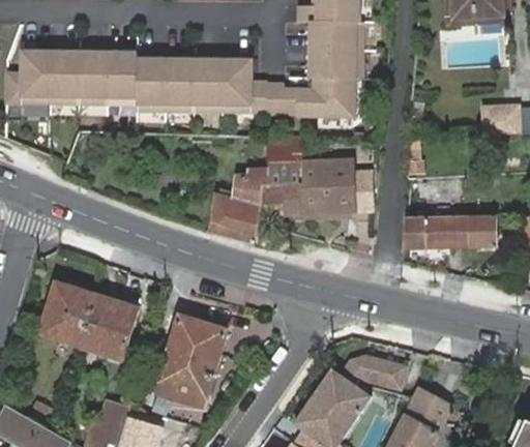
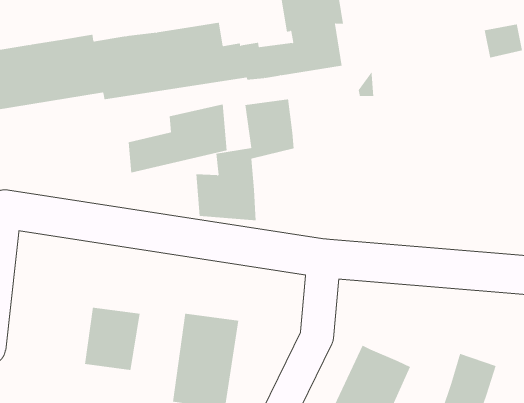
building: [259,165,352,213] -> [128,104,228,173]
building: [403,215,494,246] -> none
building: [41,281,96,345] -> none
building: [340,355,406,389] -> none

